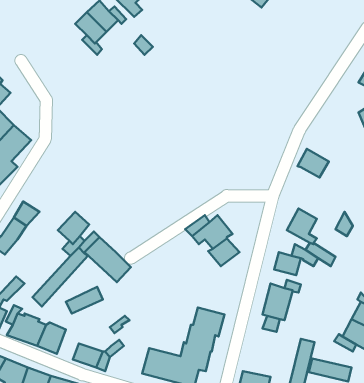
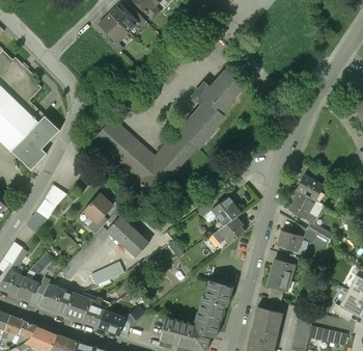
building: none -> [93,70,243,194]
building: [298,149,329,178] -> [296,173,324,199]
building: none -> [82,297,111,326]
building: none -> [249,306,281,342]

